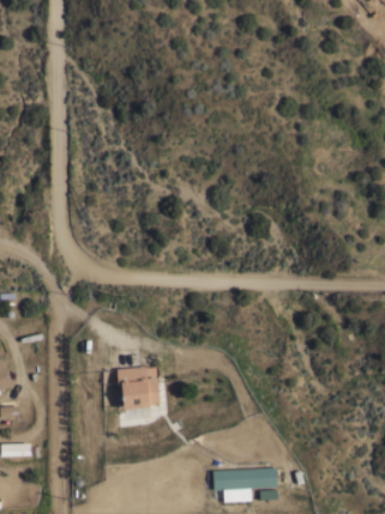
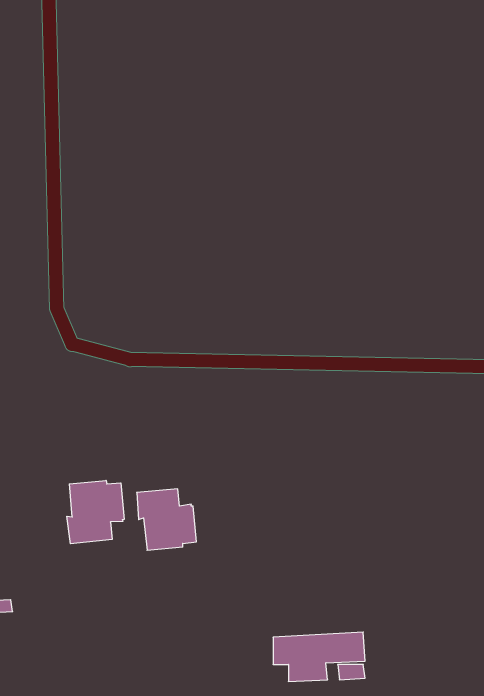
building: none -> [67,480,124,544]

